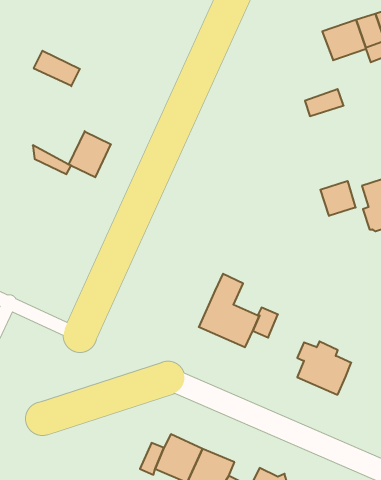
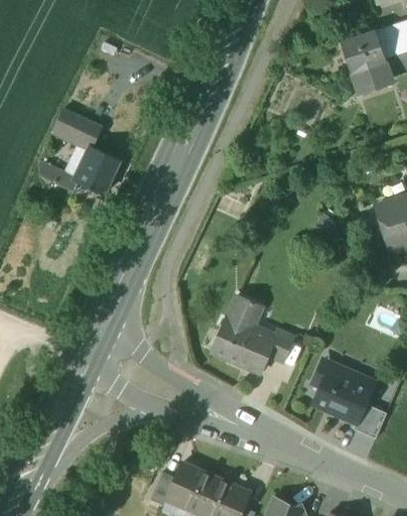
building: [34,51,80,86] -> [53,110,102,147]
building: [305,89,344,116] -> [352,60,392,89]
building: [320,181,356,216] -> none
building: none -> [353,403,387,438]

